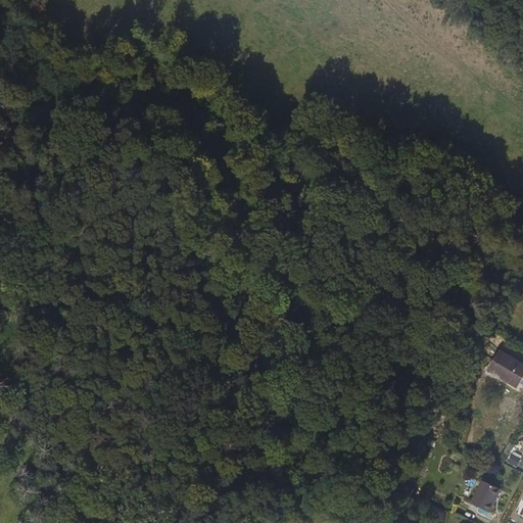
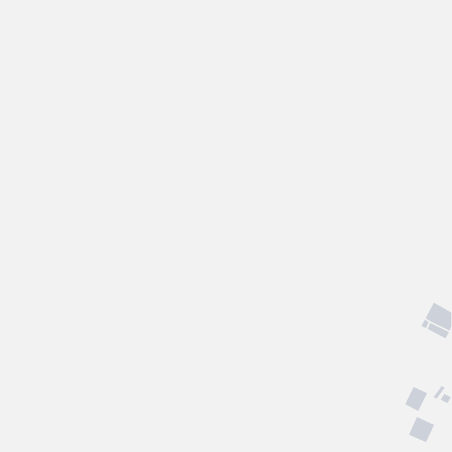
building: none -> [404,386,428,412]

